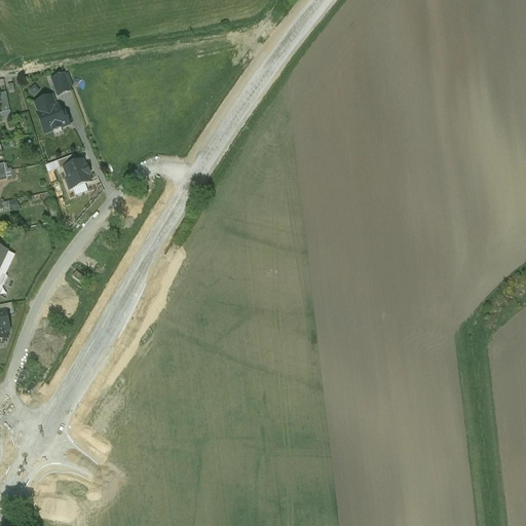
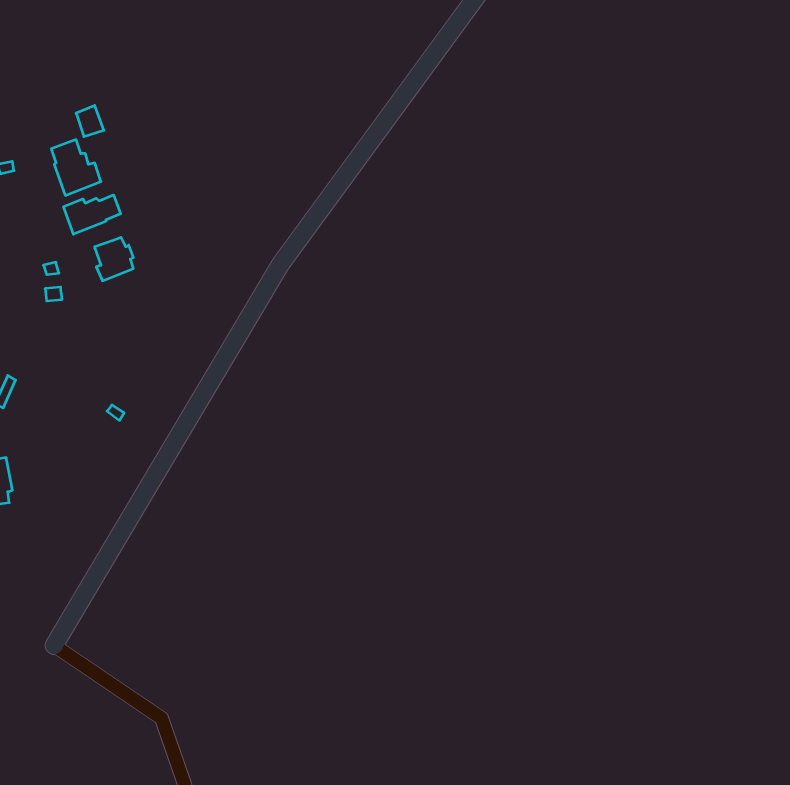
building: none -> [64,195,121,234]

